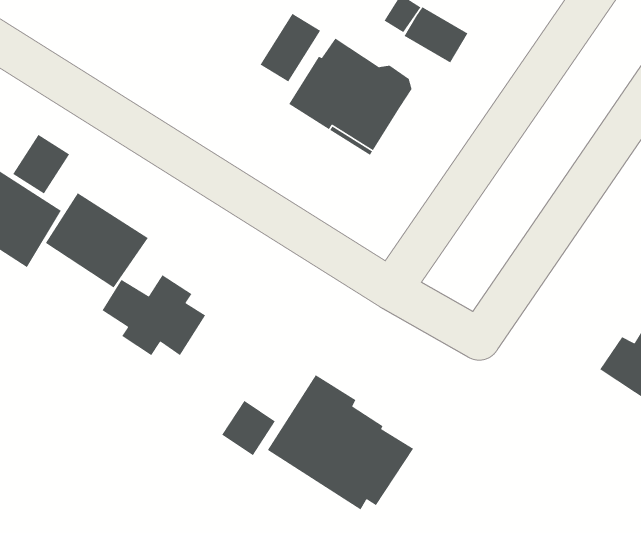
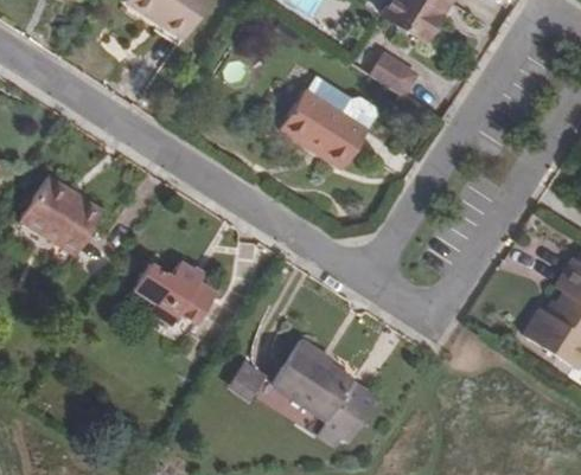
building: [259,13,321,82] -> none
building: [12,134,70,194] -> none
building: [45,192,149,288] -> none

